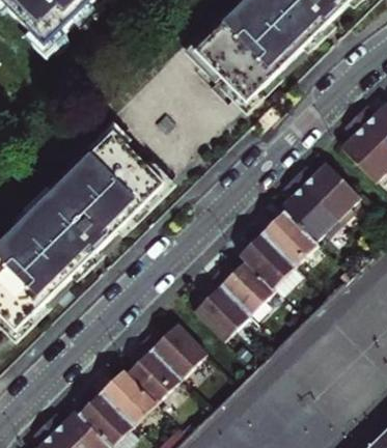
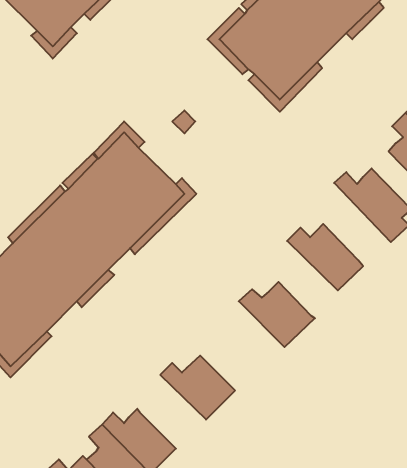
building: [280,173,342,240] -> none
building: [240,223,297,287] -> none
building: [194,275,251,340] -> none
building: [127,338,184,401] -> none

